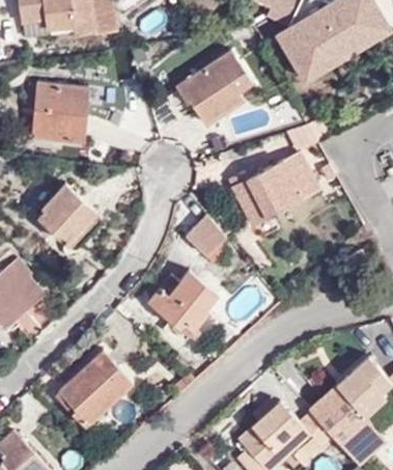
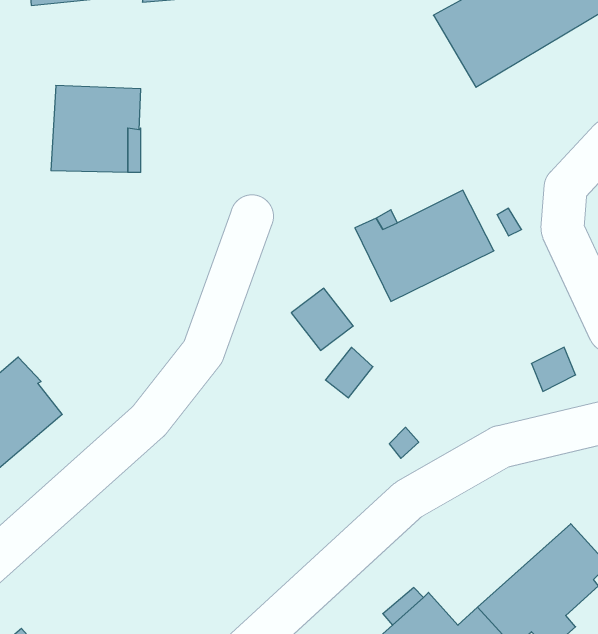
building: [176,50,257,126] -> none
building: [34,182,95,245] -> none
building: [151,268,220,341] -> none
building: [63,349,136,423] -> none

